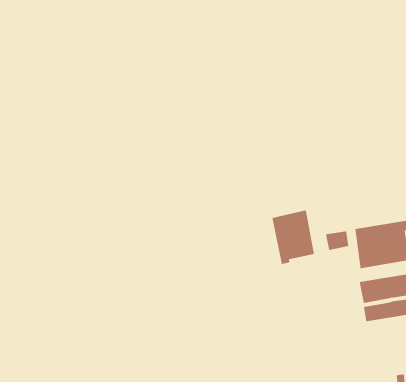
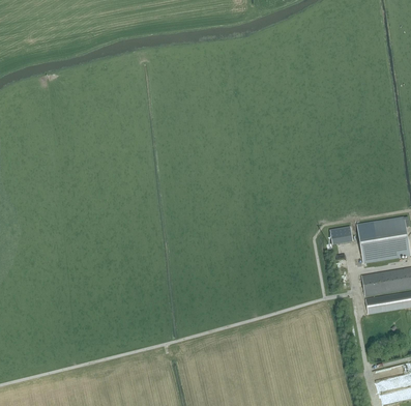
building: [272,209,315,265] -> none

